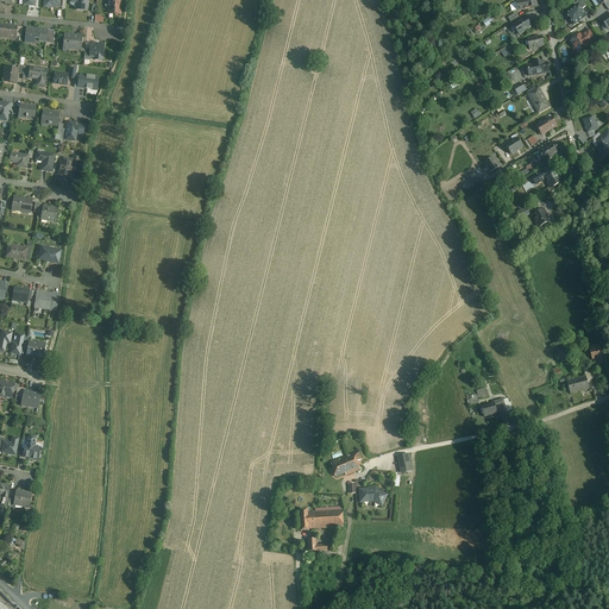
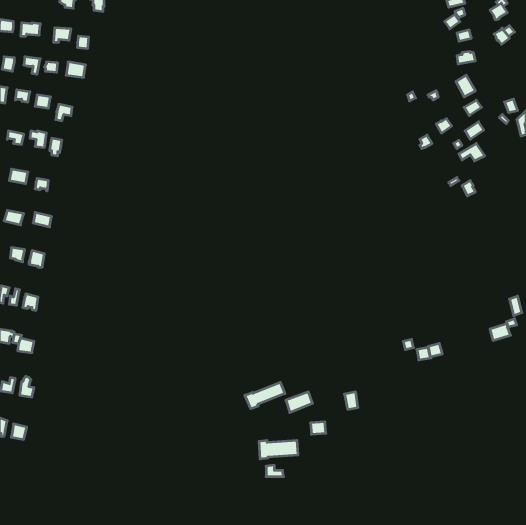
building: none -> [245,382,285,409]

